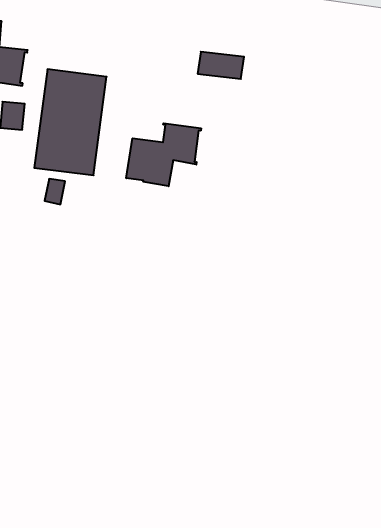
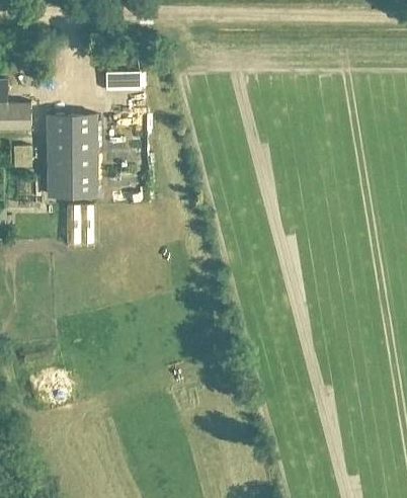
building: [198,52,244,79] -> [108,71,144,90]
building: [126,123,201,186] -> none

